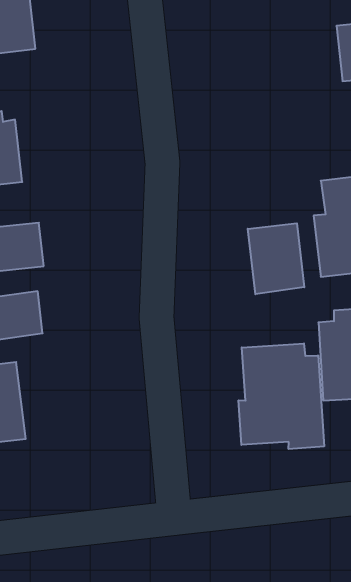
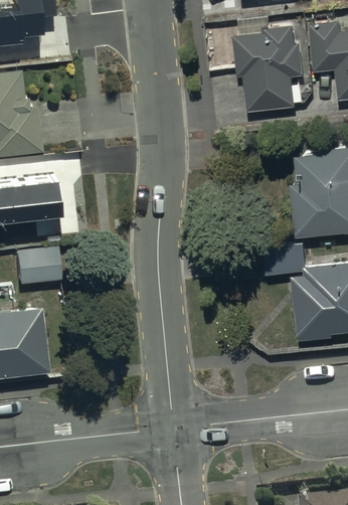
building: none -> [232,26,304,112]
building: [248,223,304,294] -> none
building: [239,343,324,449] -> none

